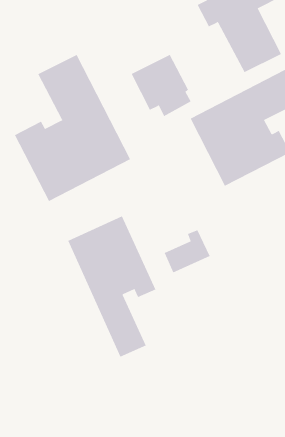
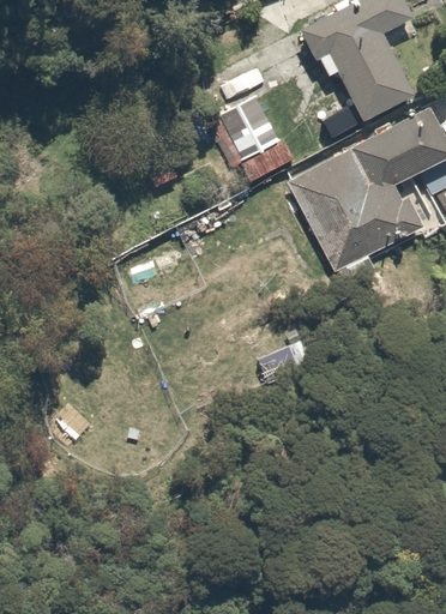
building: [14,54,131,202] -> none
building: [67,215,156,357] -> none

